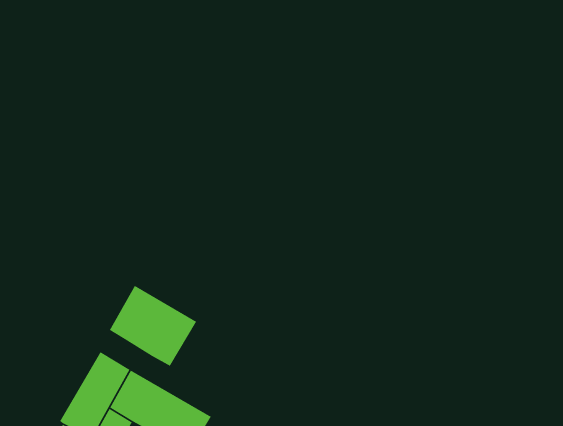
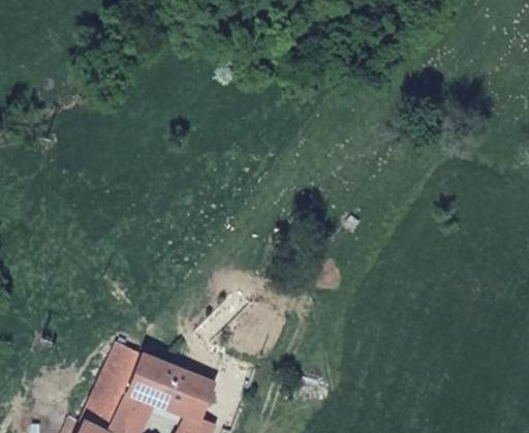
building: [109,285,197,367] -> none

